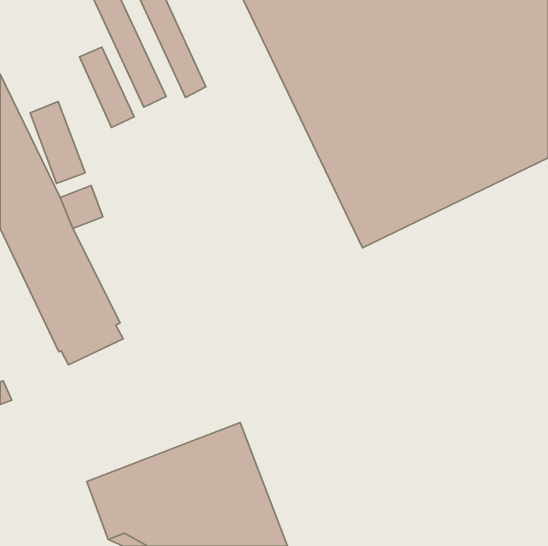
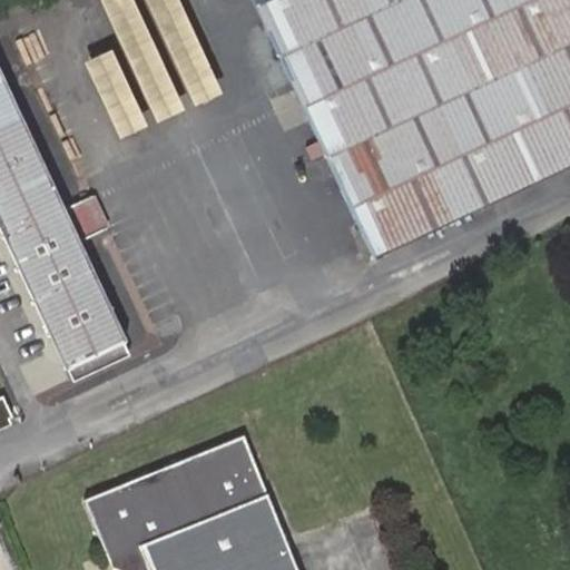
building: [30,102,85,183] -> none

